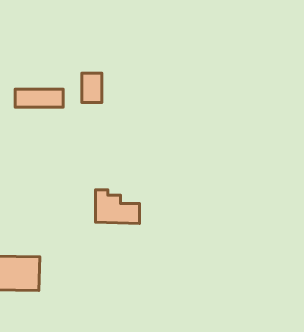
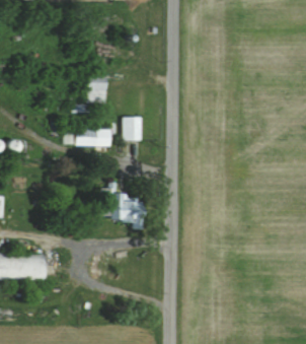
building: [15,89,63,107] -> [65,128,111,145]
building: none -> [123,117,142,140]

